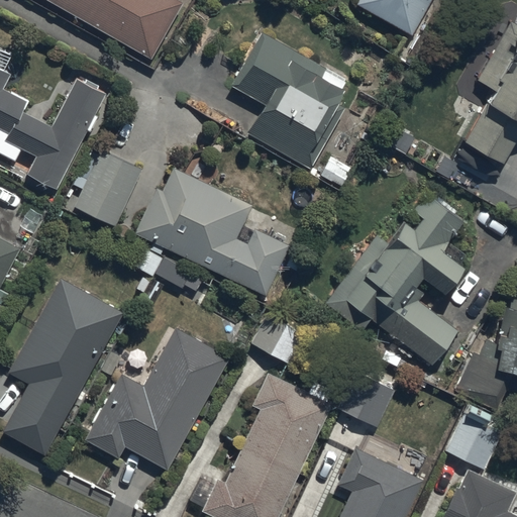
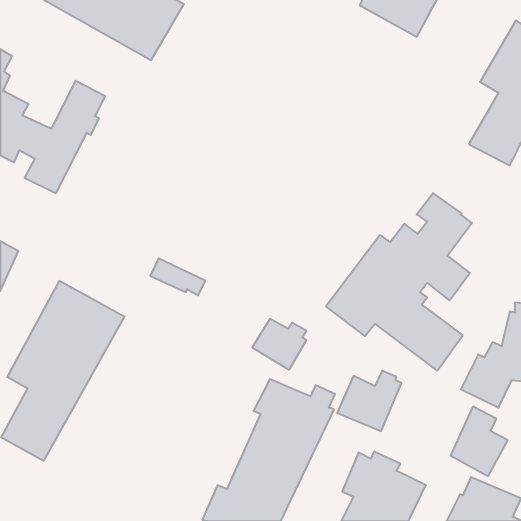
building: [233,33,345,170] -> none
building: [72,151,141,227] -> none
building: [135,170,290,297] -> none
building: [87,327,229,472] -> none

